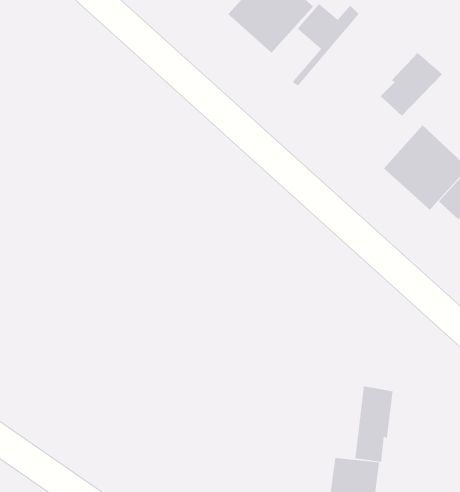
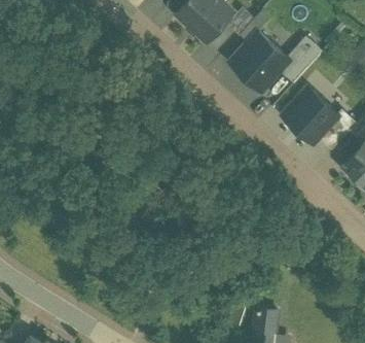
building: none -> [230,33,289,91]
building: [355,385,393,463] -> none

